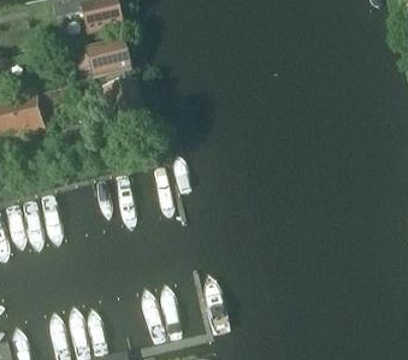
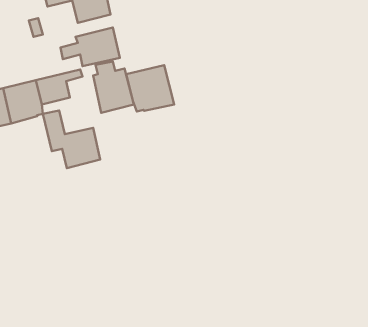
building: none -> [126,65,174,112]
building: none -> [43,110,100,168]

